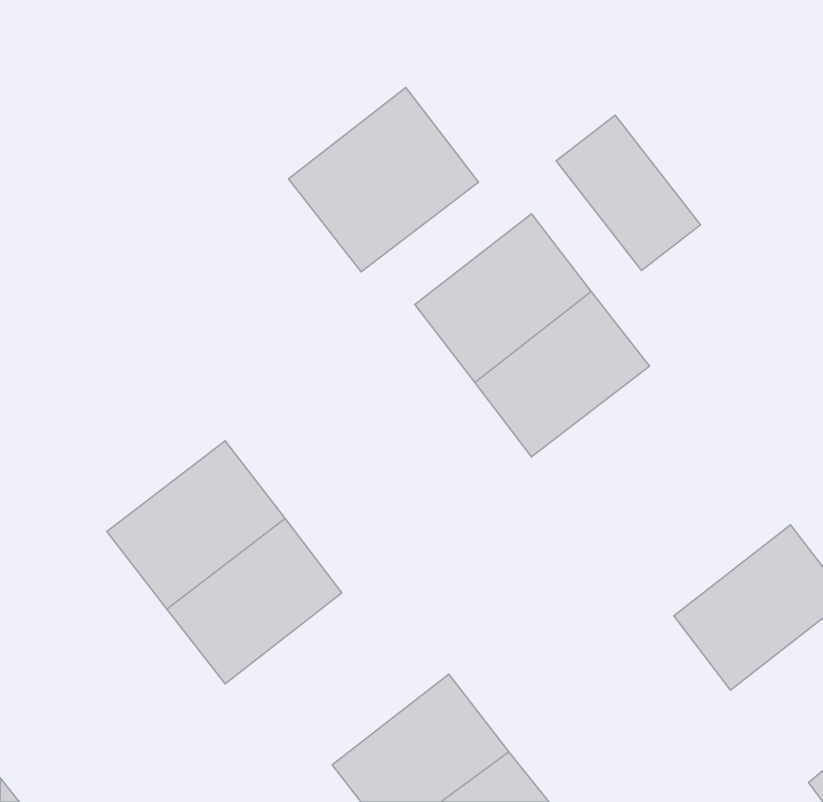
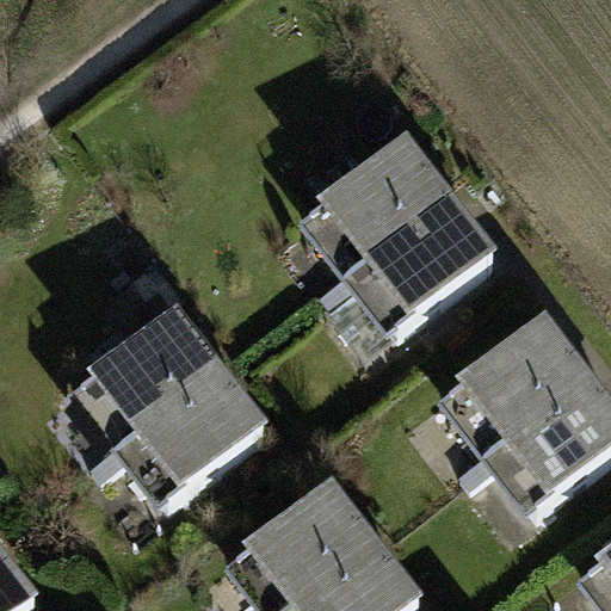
building: [288,88,478,272] -> none
building: [556,115,701,270] -> none
building: none -> [456,329,586,453]

